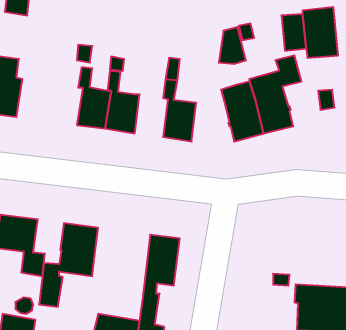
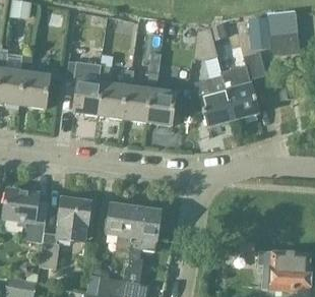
building: none -> [20,55,49,108]
building: none -> [122,68,150,122]
building: none -> [107,203,135,257]

